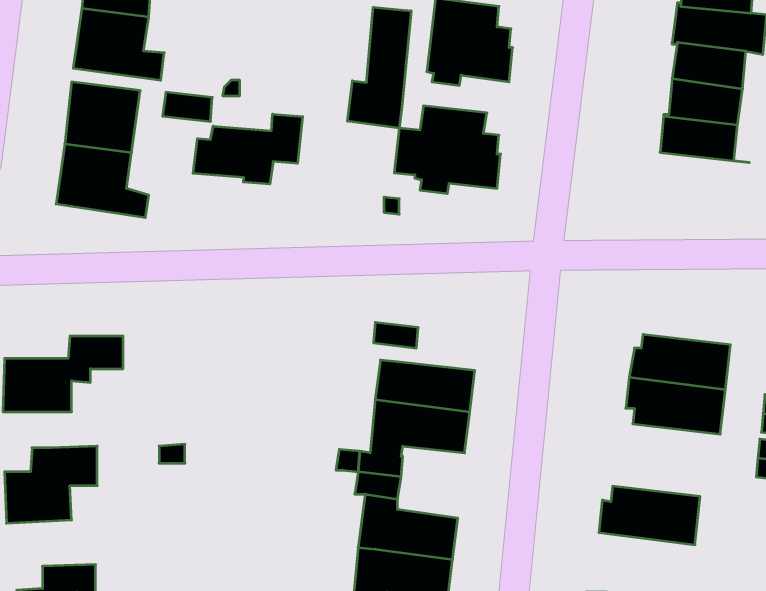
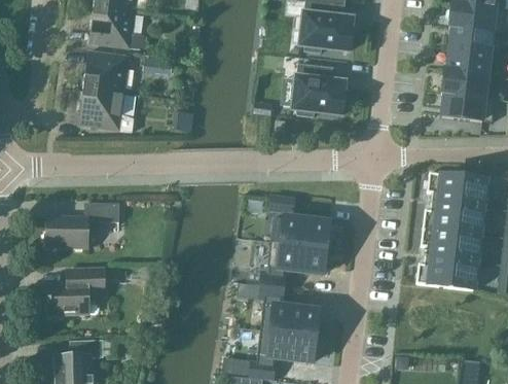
building: [348,7,411,128] -> none
building: [193,114,303,184] -> none
building: none -> [441,93,495,123]
building: none -> [428,173,487,208]
building: [599,486,700,545] -> [416,255,477,290]

